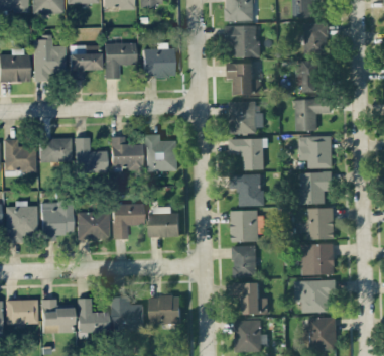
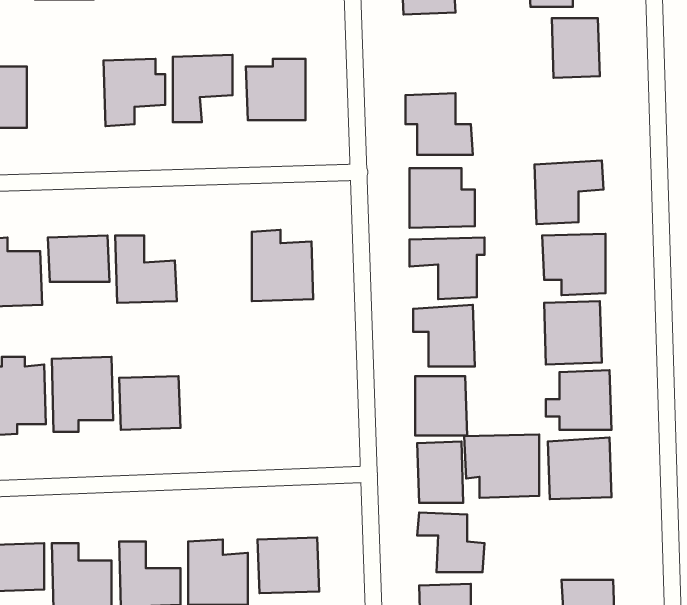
building: [226,25,259,57] -> none
building: [32,36,66,80] -> none
building: [295,61,322,92] -> none
building: [111,136,142,168] -> none
building: [112,203,144,239] -> none
building: [149,207,179,237] -> none
building: [294,279,334,313] -> [464,434,539,498]

